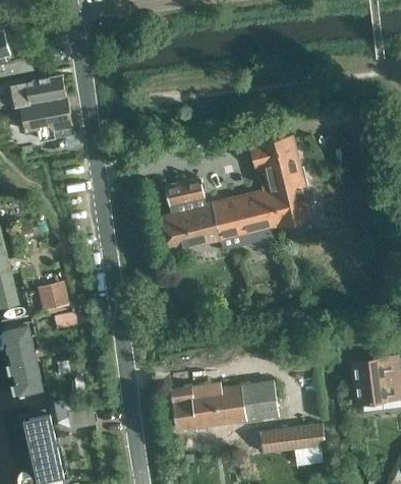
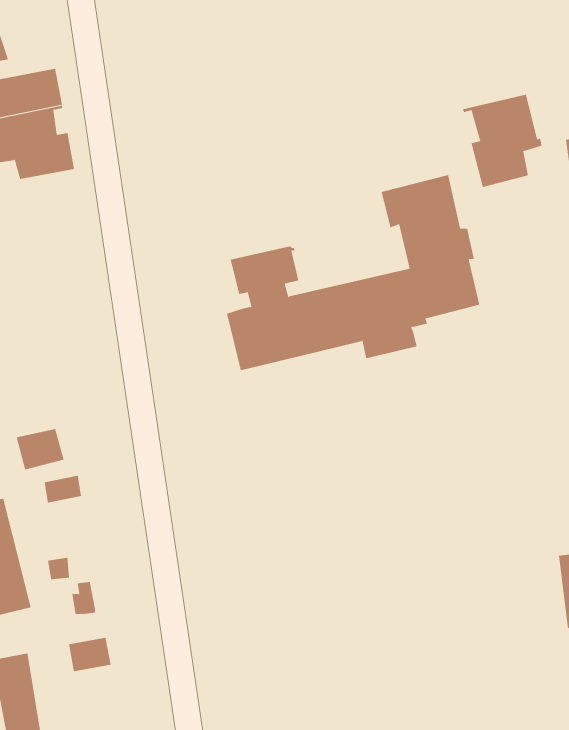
building: none -> [462,94,542,188]
building: [168,374,278,428] -> none
building: [246,423,325,453] -> none

